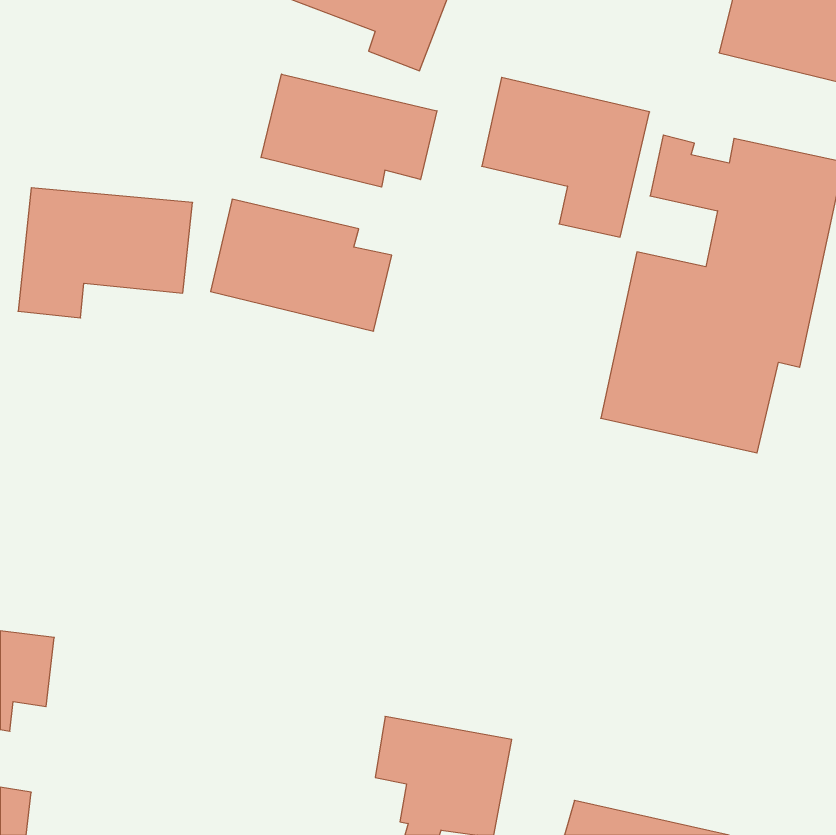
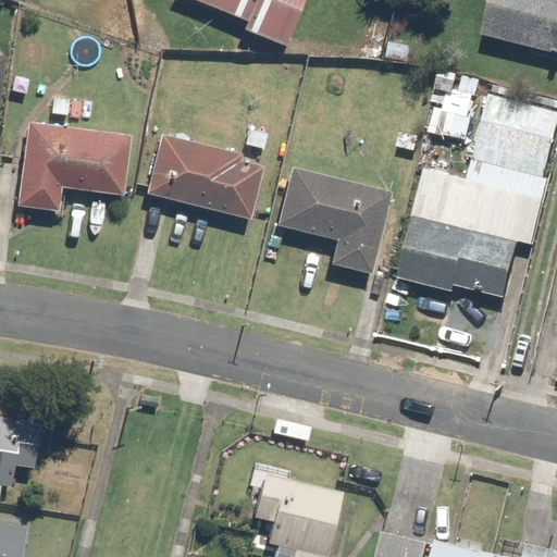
building: [261,74,437,187] -> none
building: [482,77,650,237] -> [278,168,389,273]

